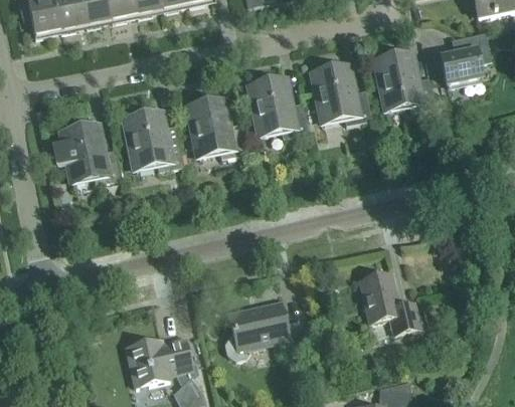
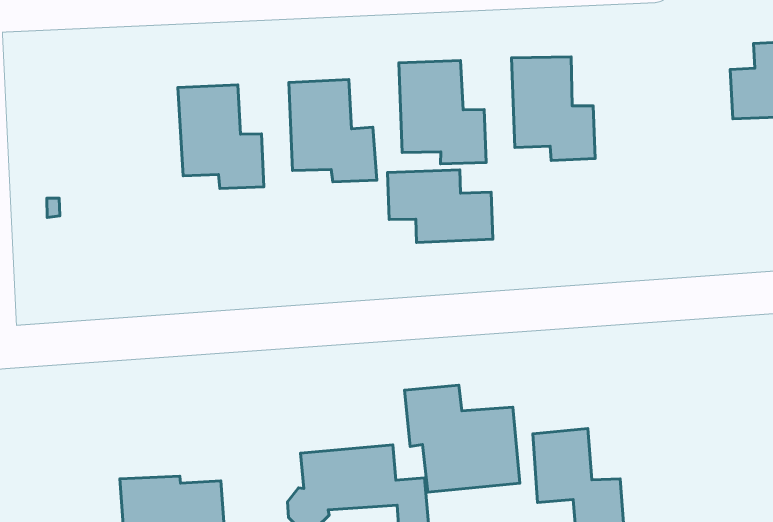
building: [376,50,435,112] -> none
building: [51,122,121,183] -> none
building: none -> [388,170,493,243]
building: none -> [405,385,520,492]

